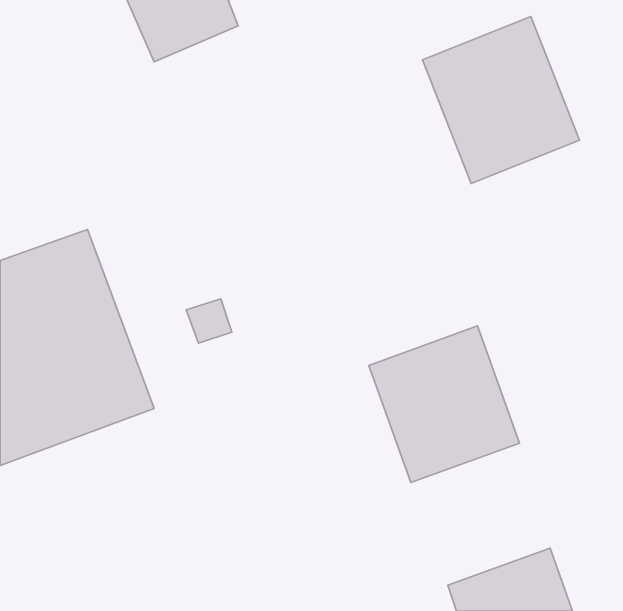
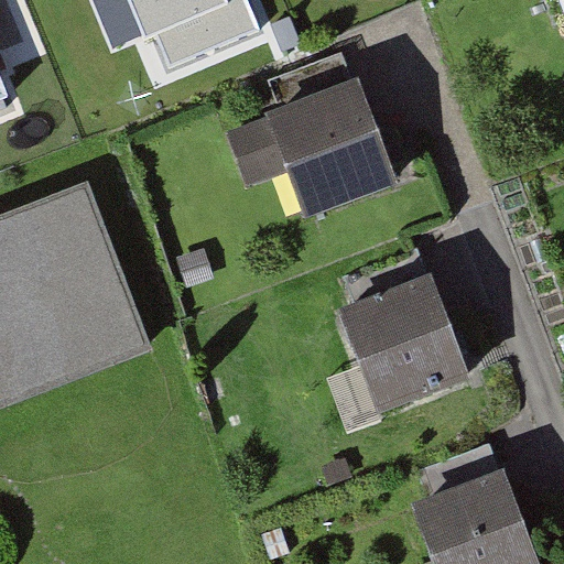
building: [422,16,580,183] -> none
building: none -> [261,102,394,243]

